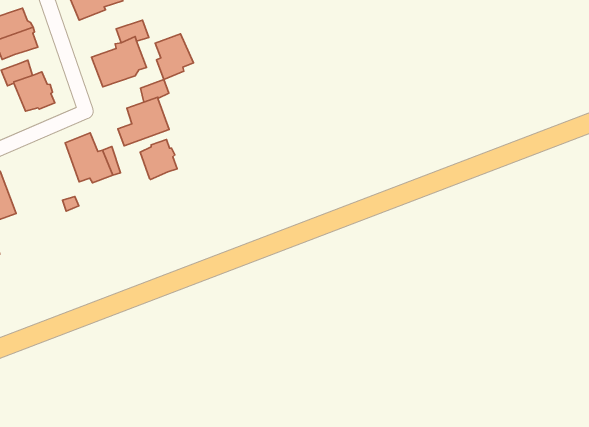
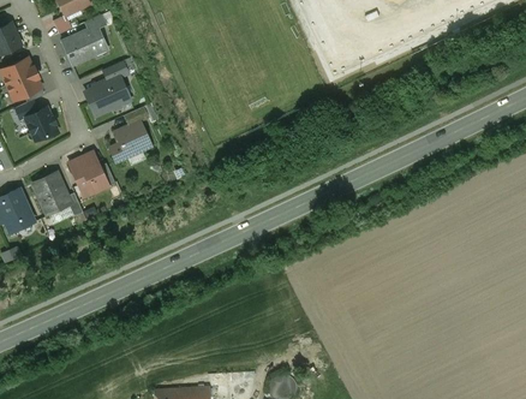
building: [155,34,193,79] -> none
building: [140,139,177,180] -> none
building: none -> [31,172,71,214]

